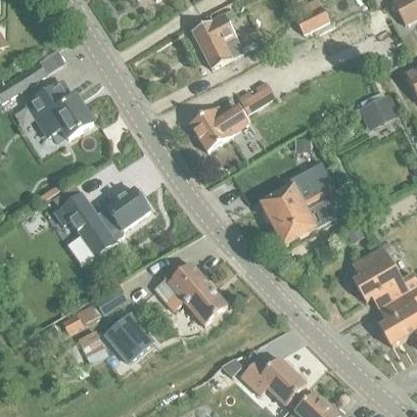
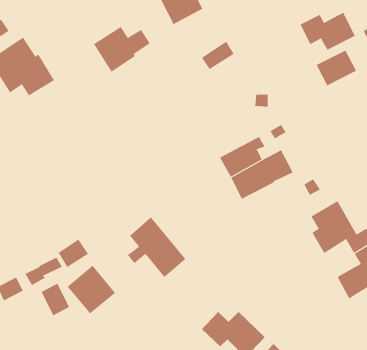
building: none -> [300,12,356,51]
building: [190,103,248,150] -> [93,26,150,72]
building: [56,187,149,253] -> none

